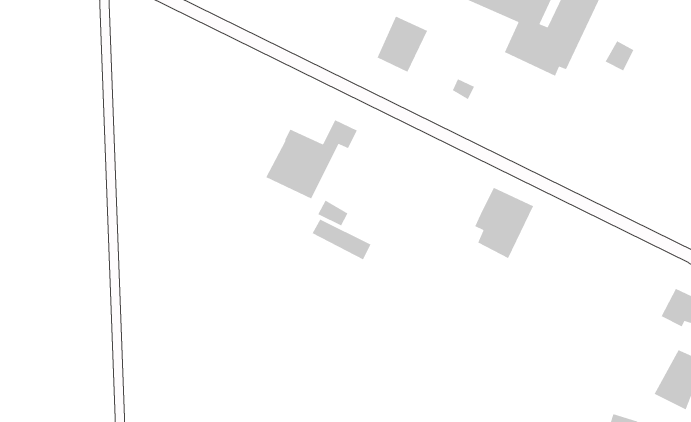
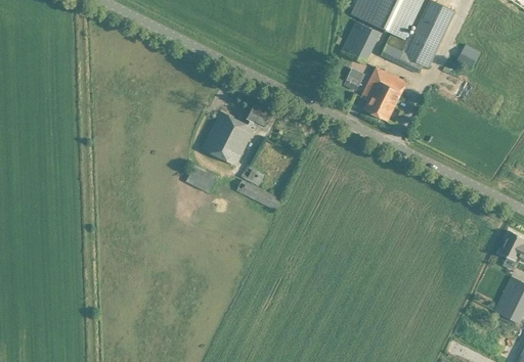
building: [376,16,428,73] -> [341,21,380,64]
building: [474,187,534,259] -> [361,67,406,122]
building: none -> [185,165,217,191]

